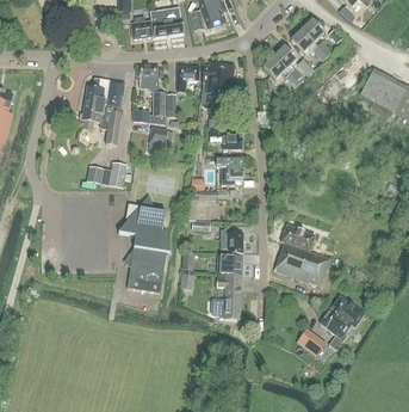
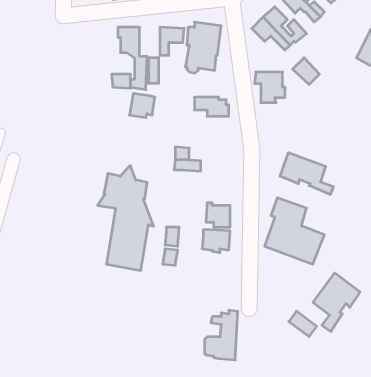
building: [81,76,124,144] -> none
building: [215,155,243,184] -> [254,72,285,103]
building: [85,161,126,187] -> none
building: none -> [280,153,333,195]
building: [210,272,241,319] -> [205,310,238,360]

